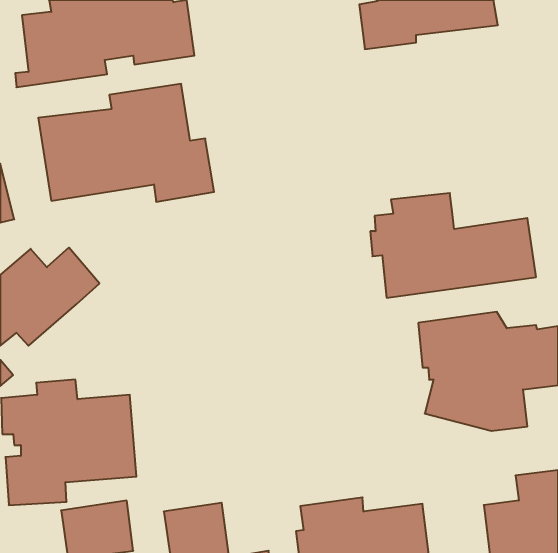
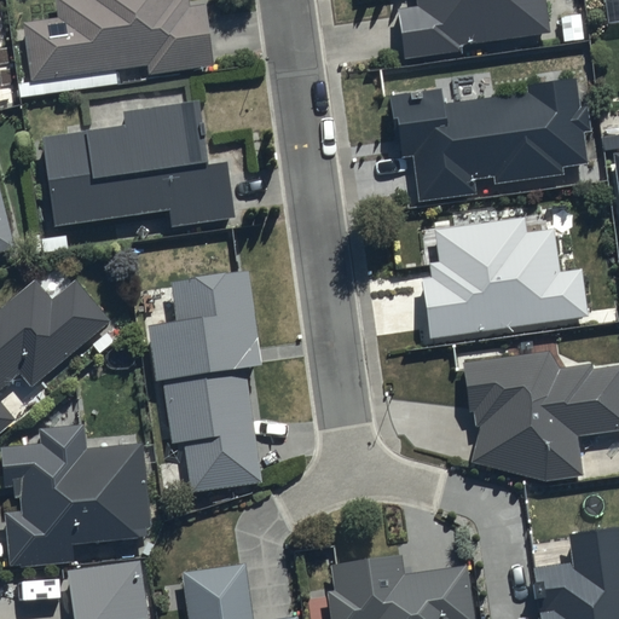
building: none -> [391,76,594,201]
building: none -> [149,268,262,493]

